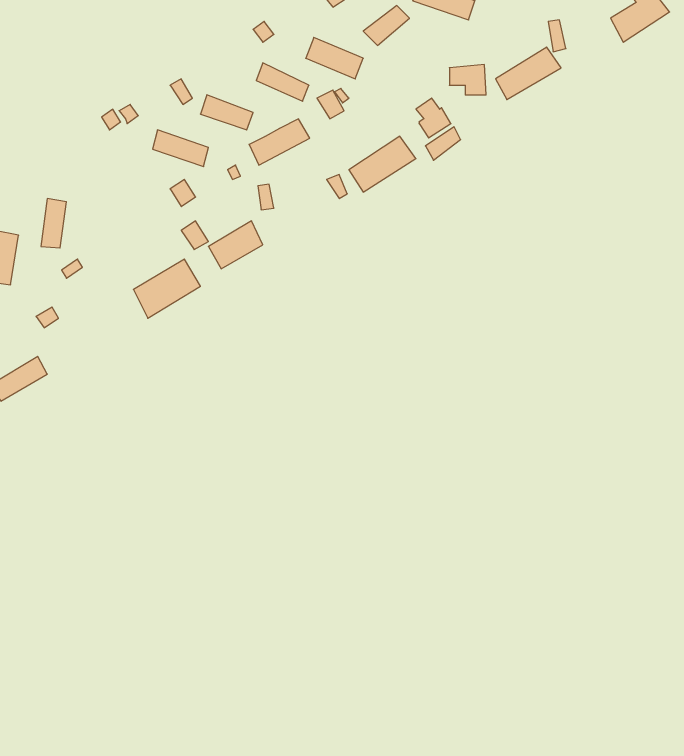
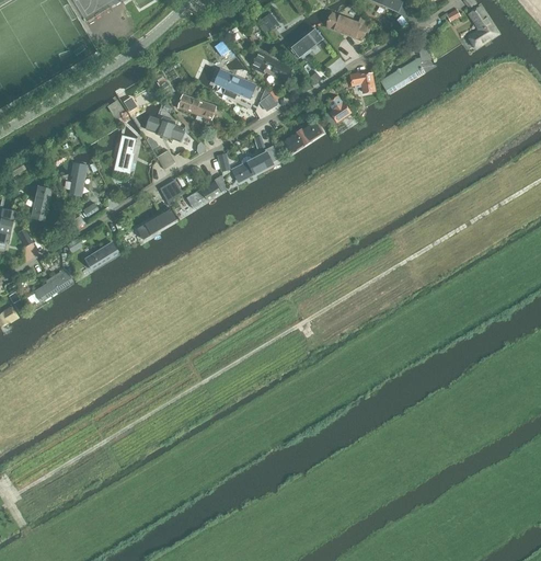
building: [249,119,310,165] -> [230,152,272,184]
building: none -> [113,135,136,171]
building: none -> [82,241,119,273]

